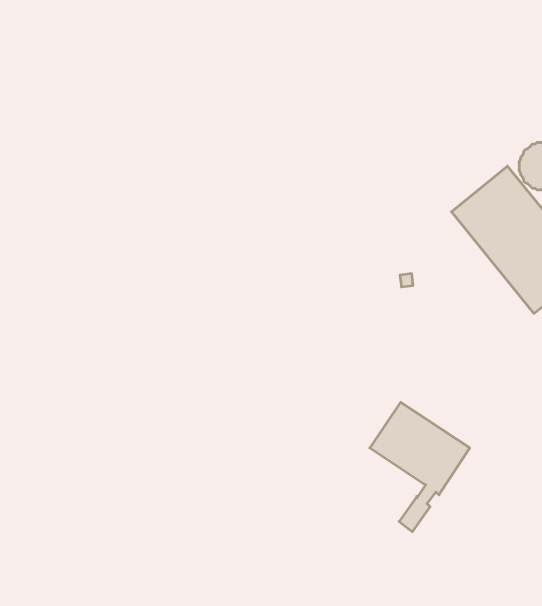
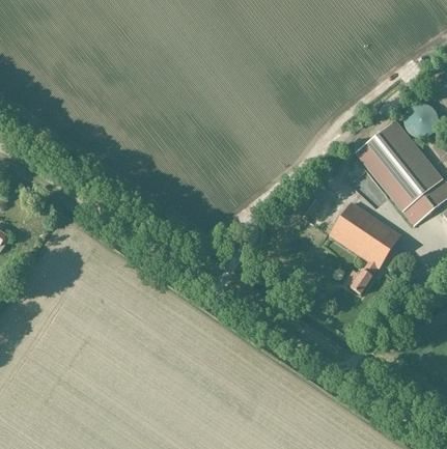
building: [370,402,470,532] -> [329,202,399,293]

